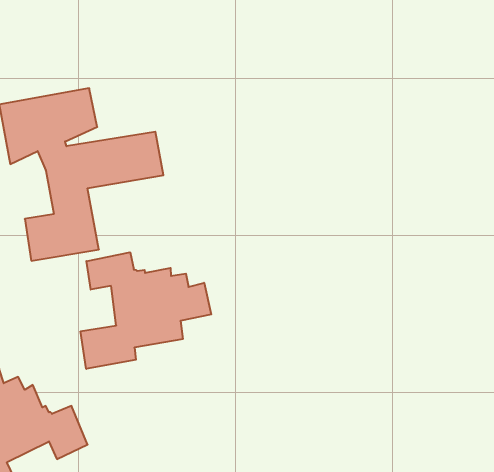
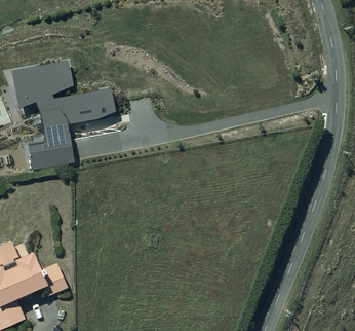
building: [81,252,211,369] -> none

